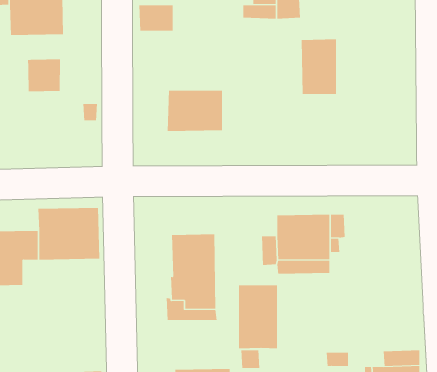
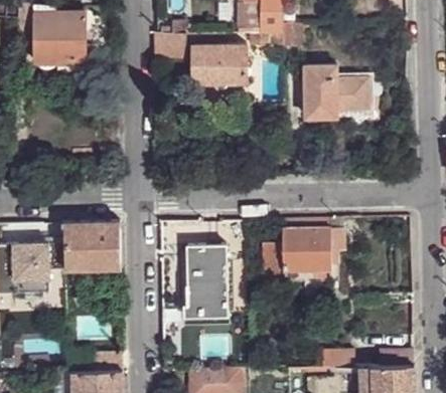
building: none -> [337,75,370,110]
building: [28,59,60,92] -> none
building: [167,90,223,132] -> [193,45,245,83]
building: [239,284,277,349] -> none

